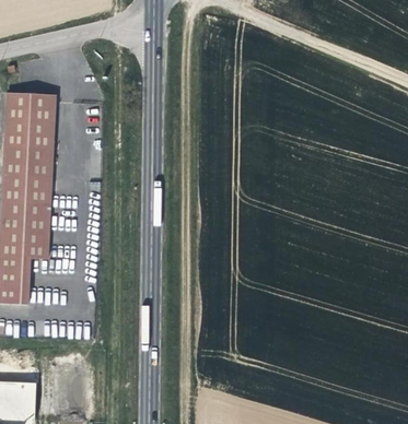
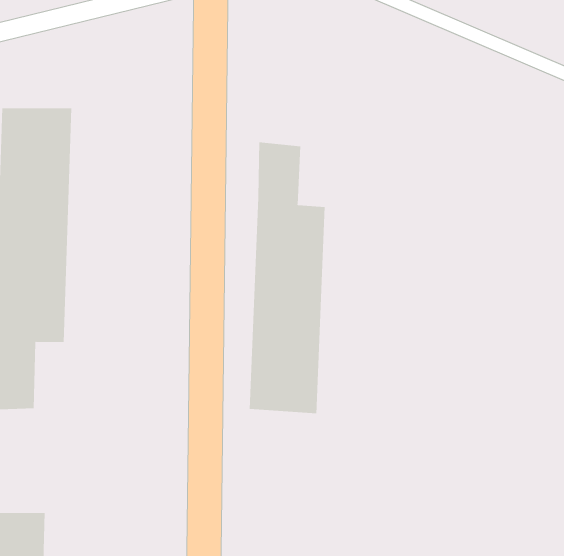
building: none -> [249,142,325,414]

